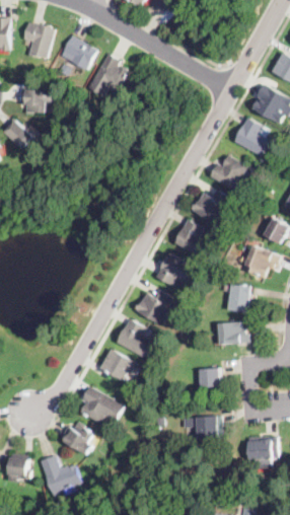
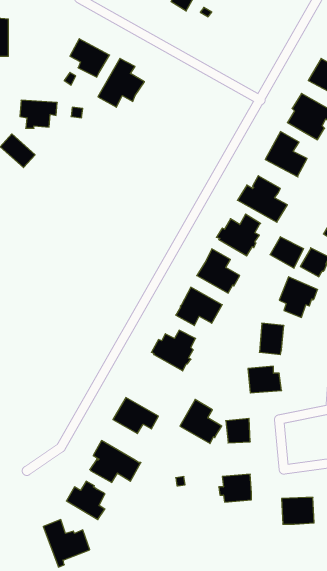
building: [23,22,54,59] -> none
building: none -> [270,237,303,268]
building: [117,318,153,357] -> [180,399,222,444]
building: [8,453,29,475] -> none

